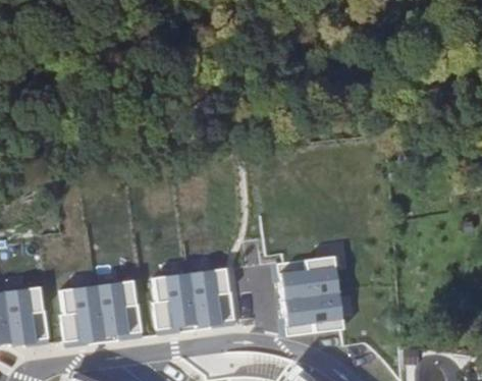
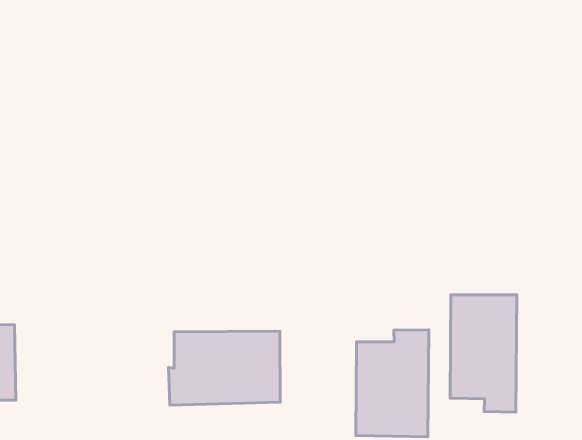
building: none -> [450,295,517,412]
building: [61,281,143,341] -> none

